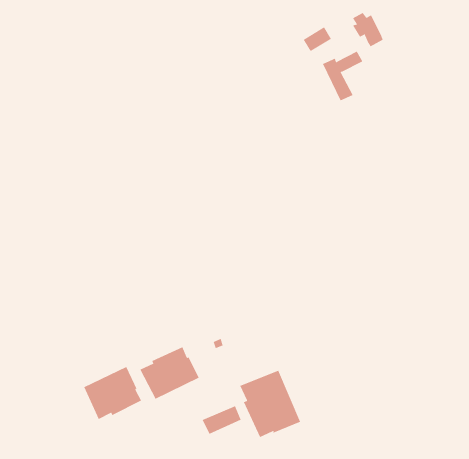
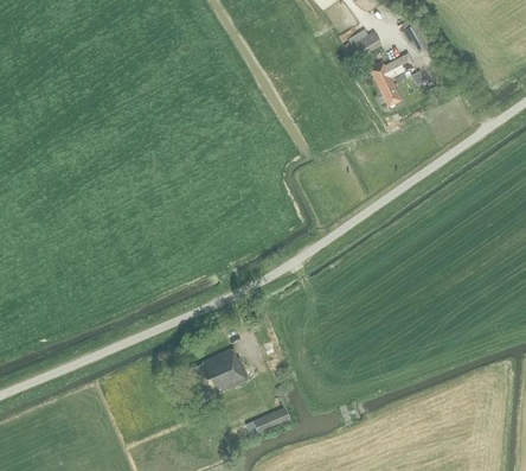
building: [83,366,142,420] -> none
building: [239,370,301,438] -> none

